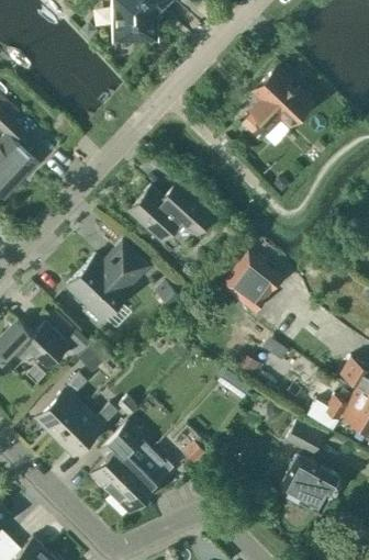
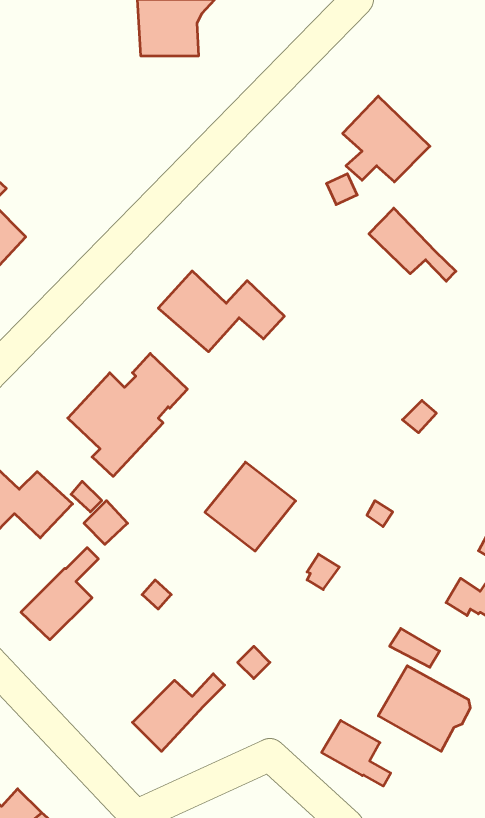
building: none -> [369,208,456,281]
building: [220,253,281,313] -> [205,462,296,551]
building: [55,404,118,457] -> none
building: [91,422,144,493] -> none
building: none -> [322,720,391,786]

